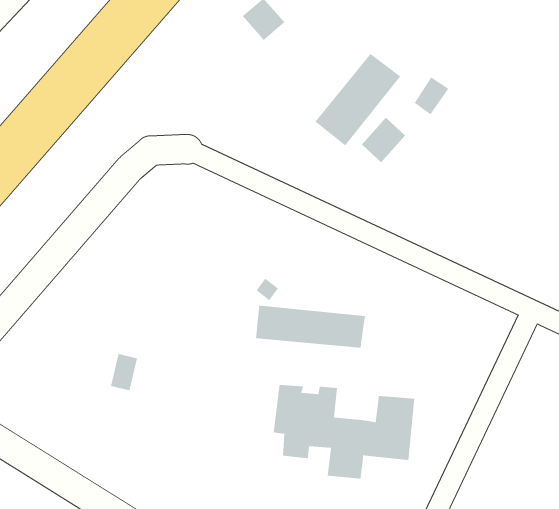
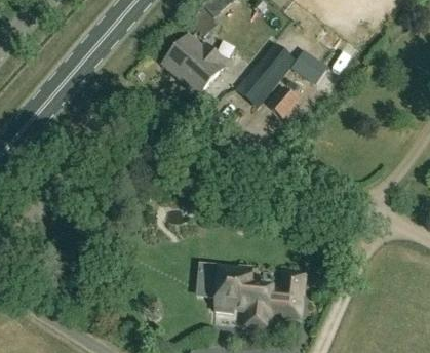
building: none -> [162,34,224,94]
building: [255,305,366,348] -> none

